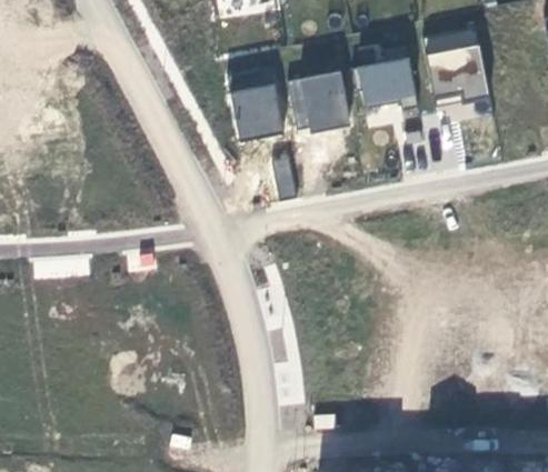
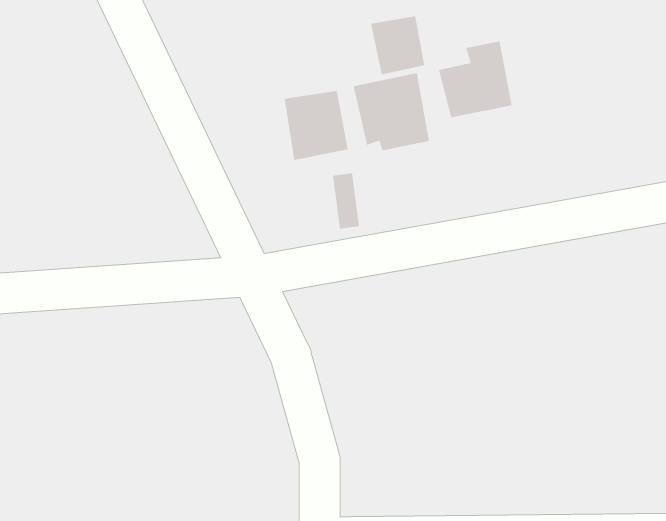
building: none -> [370,16,425,75]
building: [424,23,492,103] -> none

